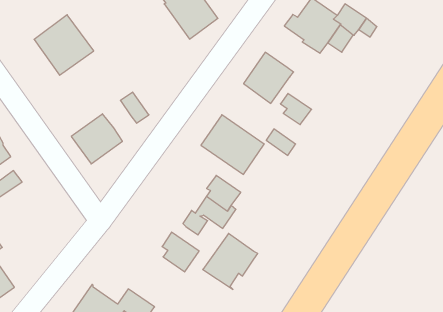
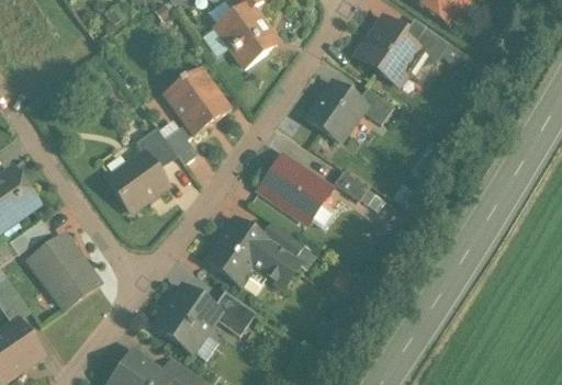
building: [34,15,94,75] -> [162,67,232,137]
building: none -> [134,127,177,170]
building: [280,93,312,125] -> [358,88,394,124]
building: none -> [30,236,99,308]
building: none -> [155,286,220,352]
building: [203,233,258,289] -> [205,219,269,284]

